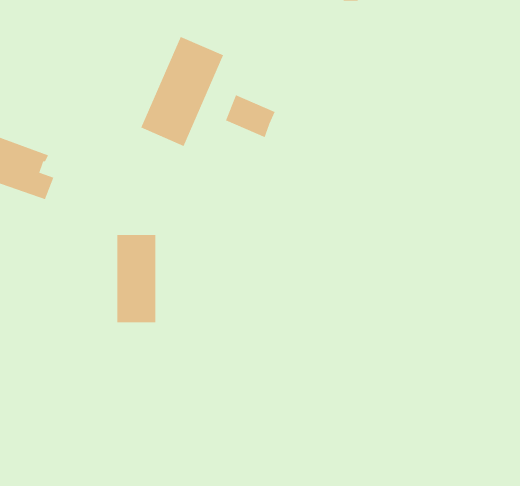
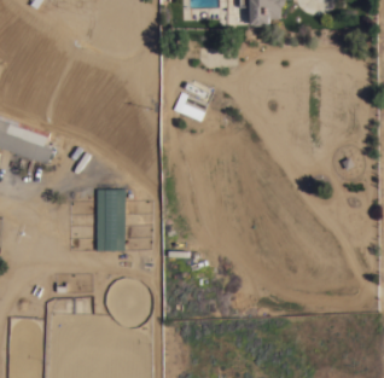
building: [141,36,224,147] -> none

